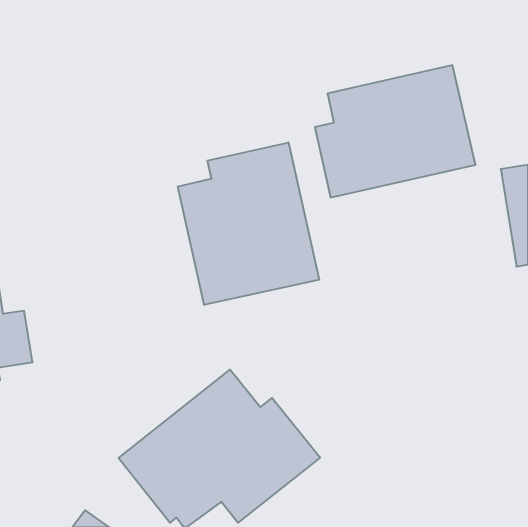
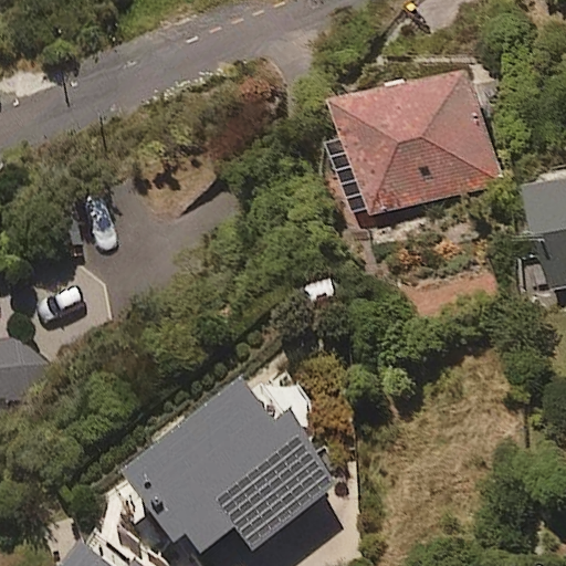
building: [178,142,319,305] -> none

